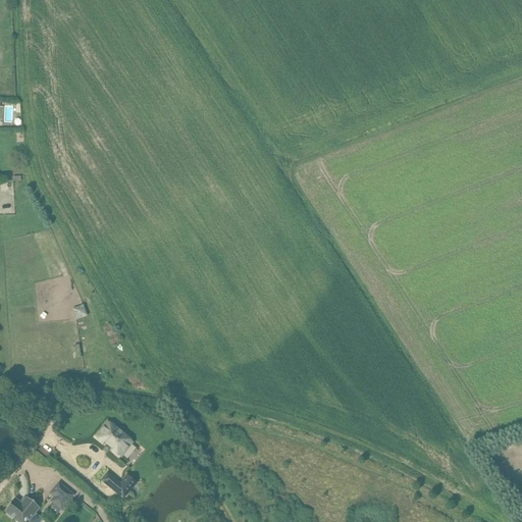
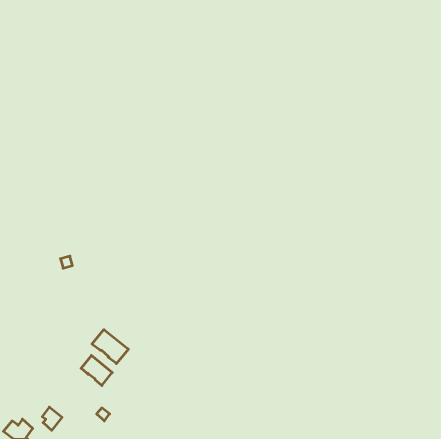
building: none -> [92,330,128,364]

